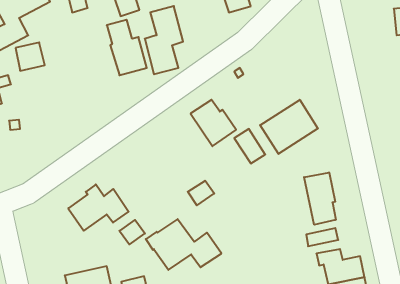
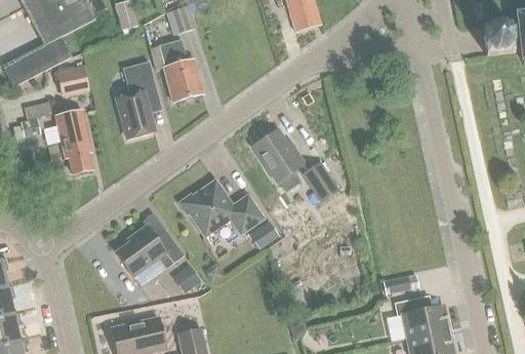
building: [145,6,183,74] -> [116,62,159,139]
building: none -> [54,109,91,174]
building: [260,100,318,154] -> none
building: [304,172,336,225] -> none
building: [146,219,221,270] -> [178,180,264,237]

